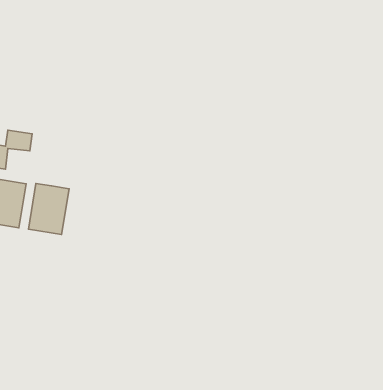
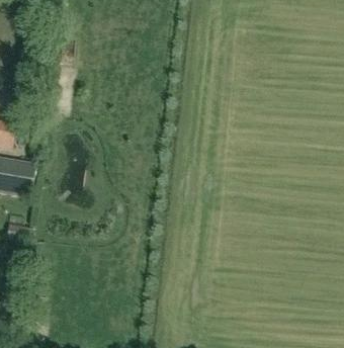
building: [28,184,69,234] -> none

